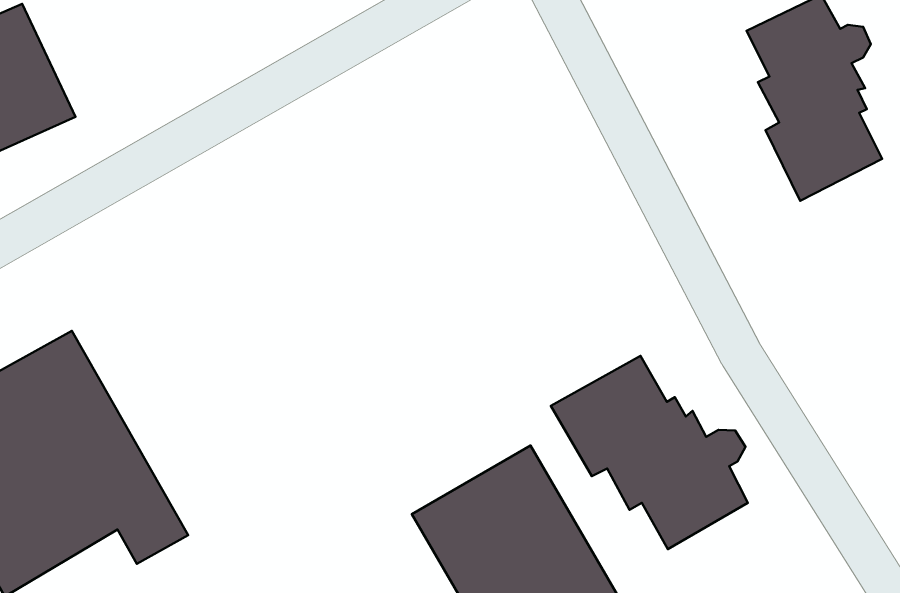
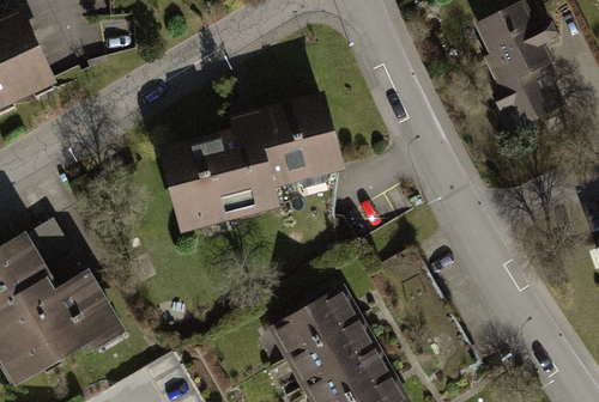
building: none -> [159,93,345,233]
building: [551,356,748,549] -> none

